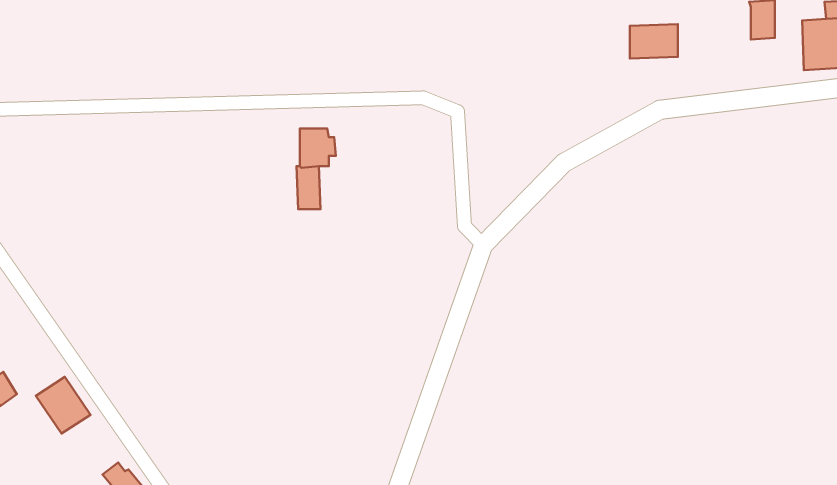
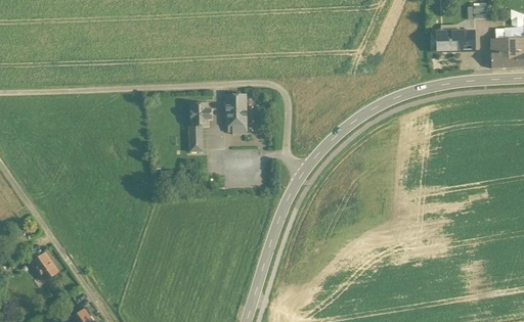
building: [630,24,678,59] -> [430,30,458,50]
building: none -> [224,93,246,133]

